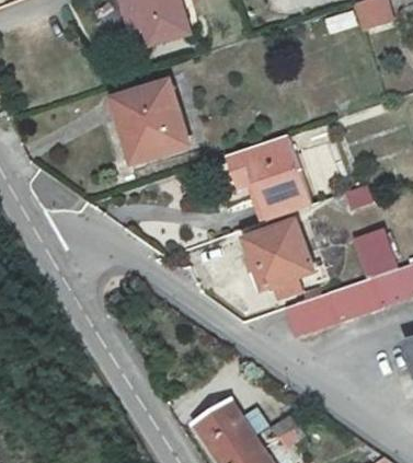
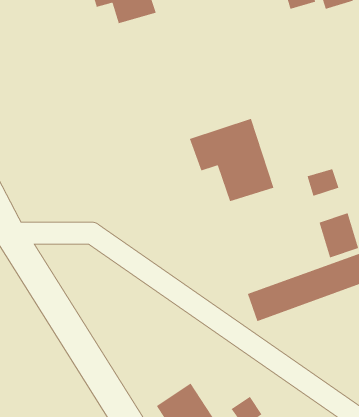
building: [122,83,190,162] -> none
building: [245,225,312,299] -> none

